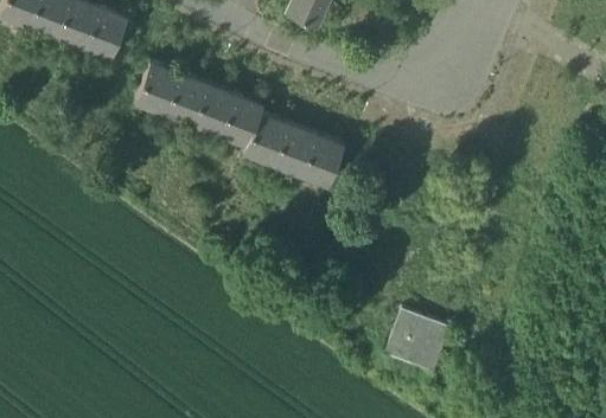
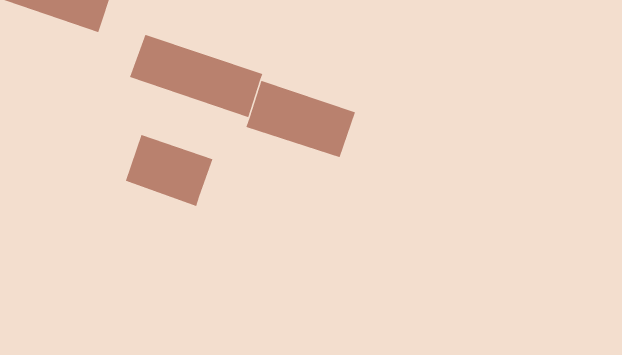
building: none -> [125,134,213,207]
building: [385,310,447,368] -> none

